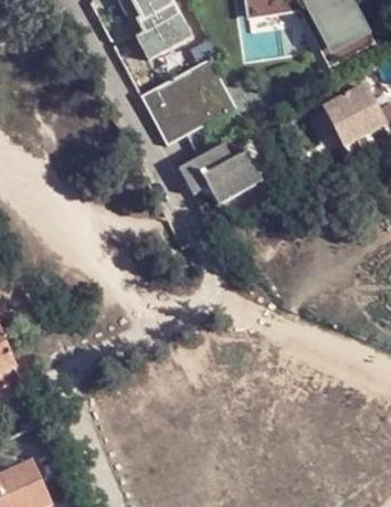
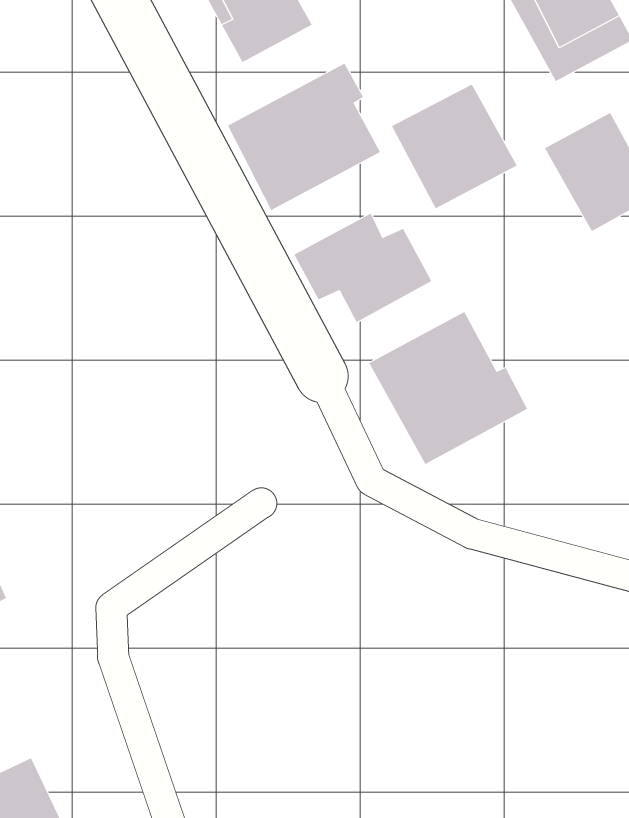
building: none -> [391,84,518,209]
building: none -> [368,311,528,465]

